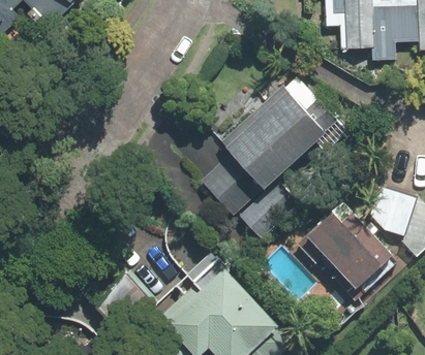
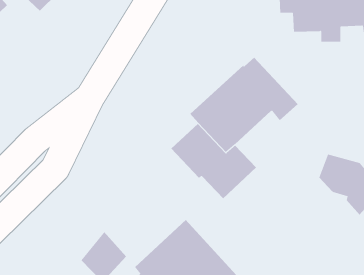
building: [297,202,392,289] -> none

